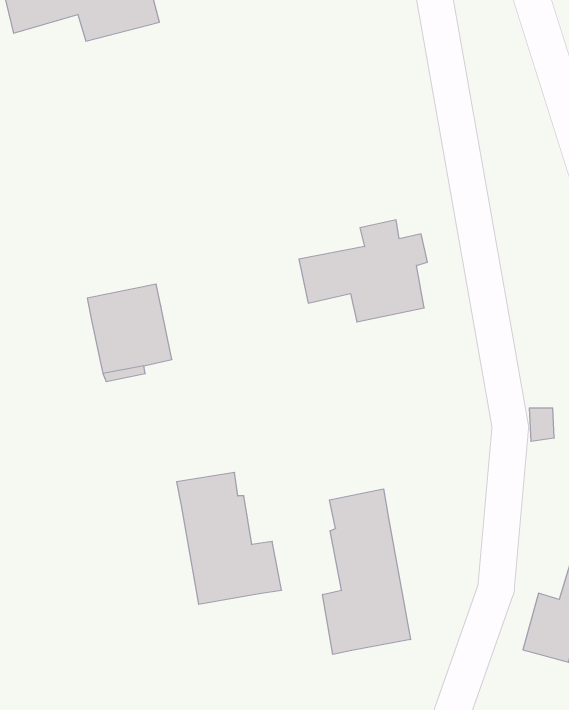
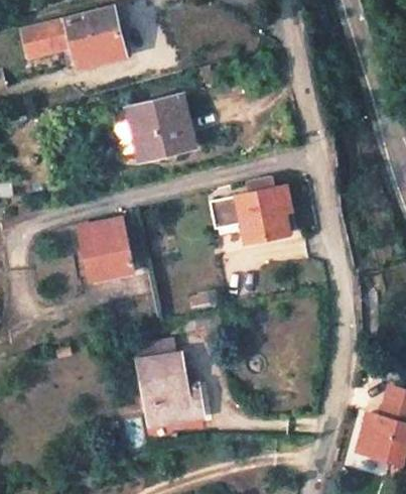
building: none -> [130,95,197,161]
building: [323,489,411,654] -> none

